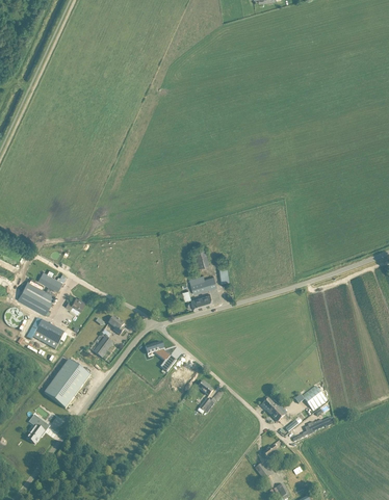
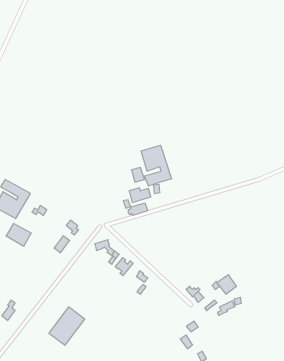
building: none -> [141,145,172,186]
building: [44,359,89,407] -> [49,307,85,345]

